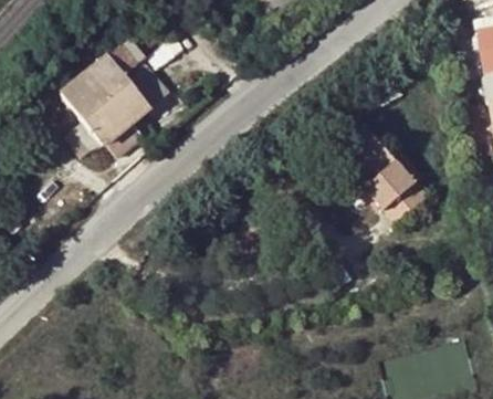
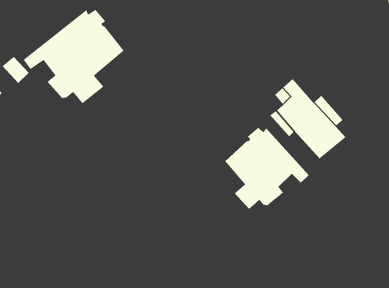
building: none -> [225,127,309,210]

